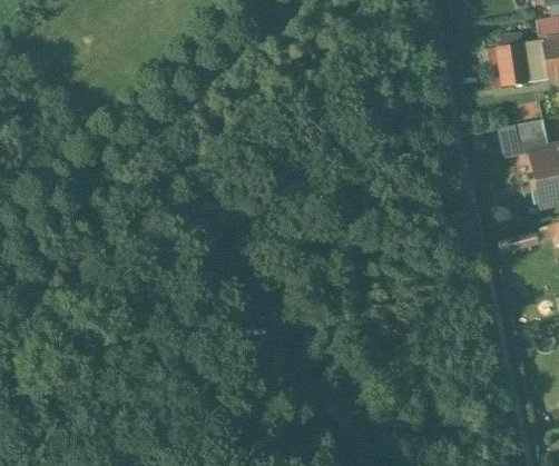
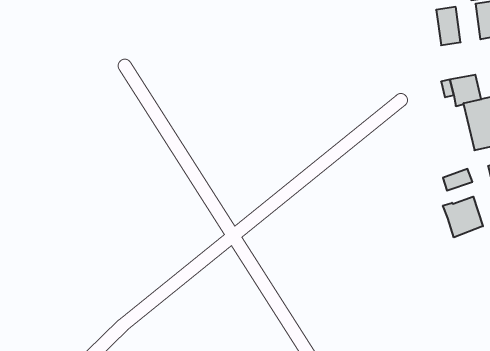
building: [519,40,547,83] -> none
building: none -> [443,197,483,237]

